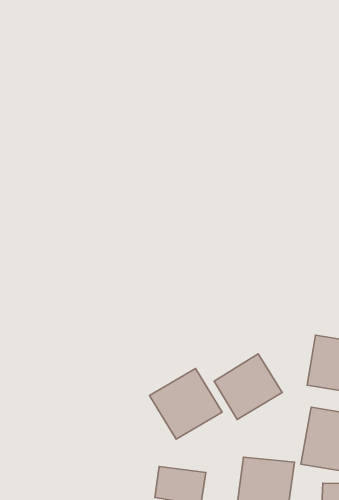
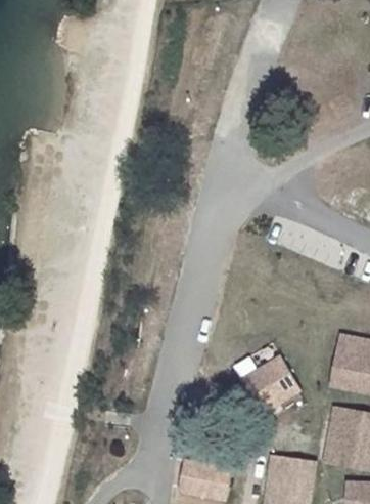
building: [150,369,222,439] -> none

